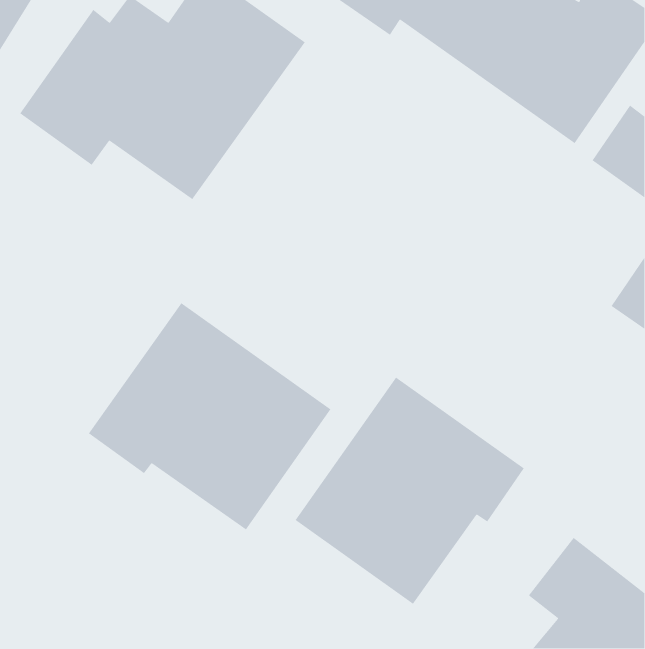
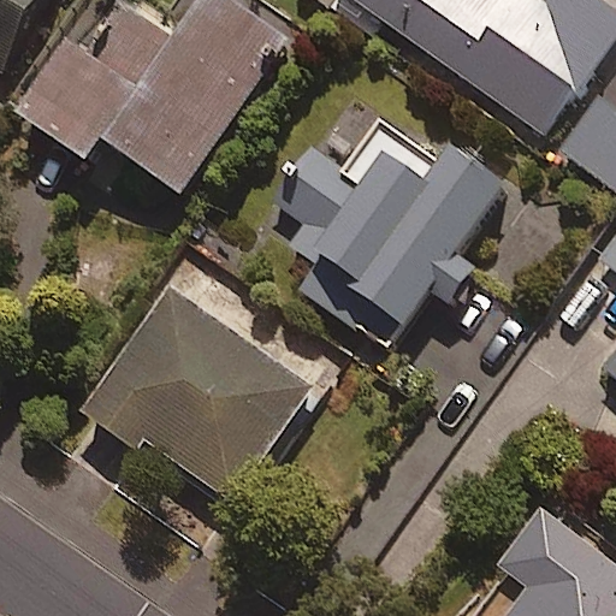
building: none -> [272,120,507,349]
building: [294,377,525,605] -> none

